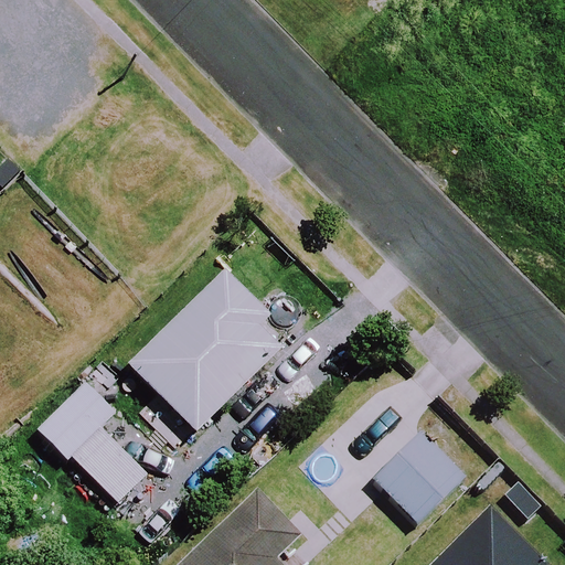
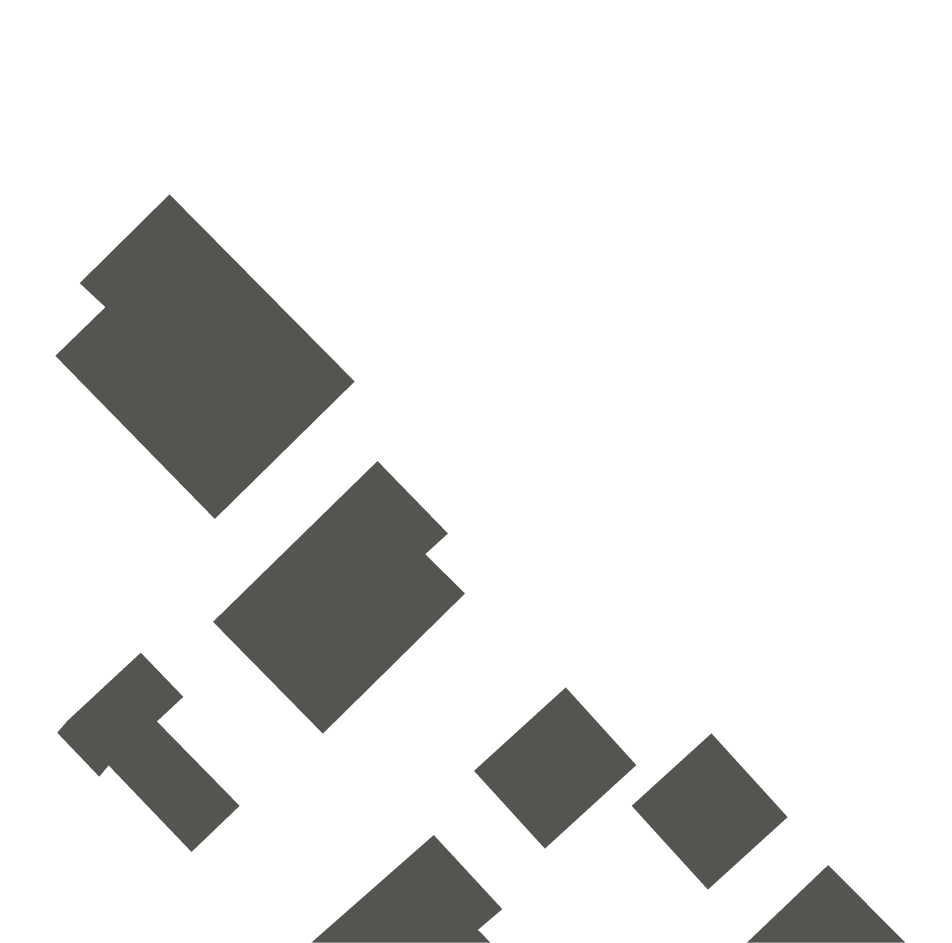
building: none -> [54,193,356,520]
building: none -> [473,686,637,850]

